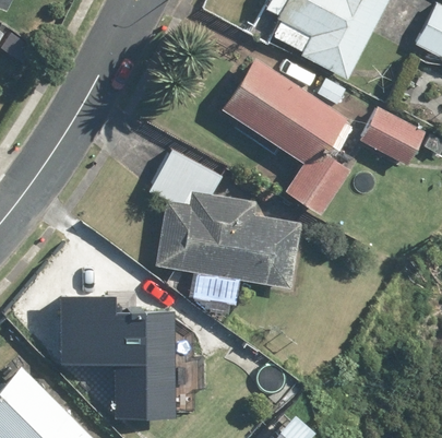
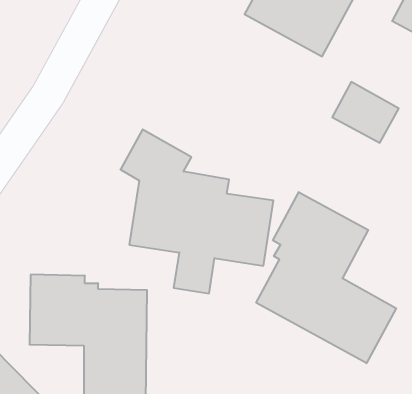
building: [222,58,353,214] -> none
building: none -> [256,192,396,363]

